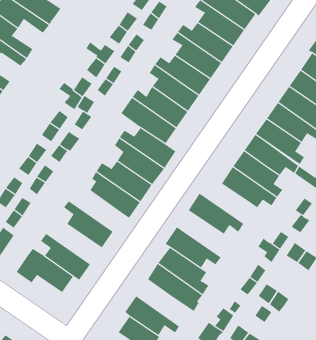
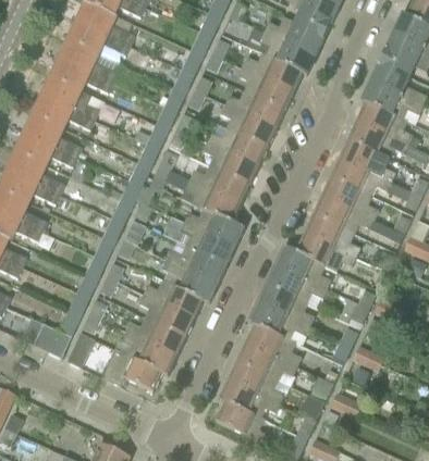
building: none -> [274,246,330,288]
building: none -> [143,281,203,319]
building: none -> [257,284,311,326]
building: none -> [125,319,185,356]
building: none -> [228,361,283,403]

